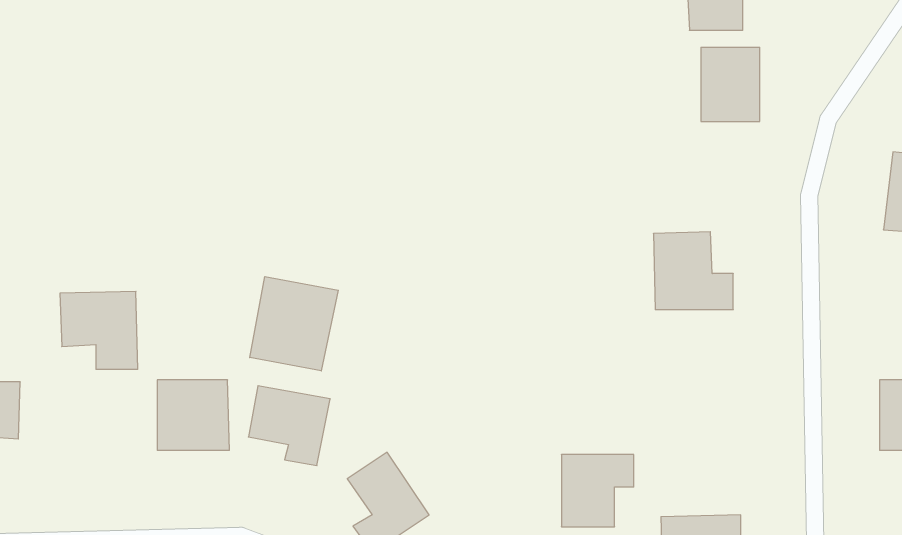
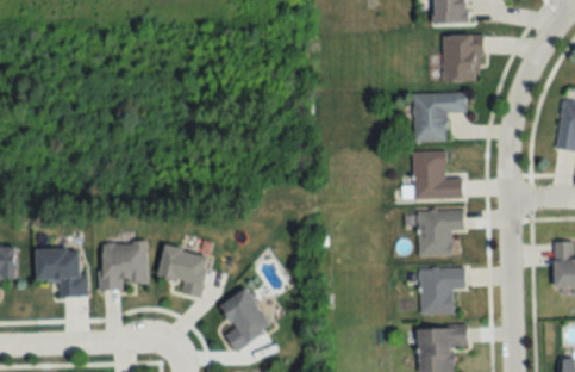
building: none -> [412,91,465,141]
building: [250,277,338,371] -> none
building: [60,291,138,369] -> [36,247,85,296]
building: none -> [418,210,463,255]
building: [561,455,634,527] -> [419,268,464,314]

